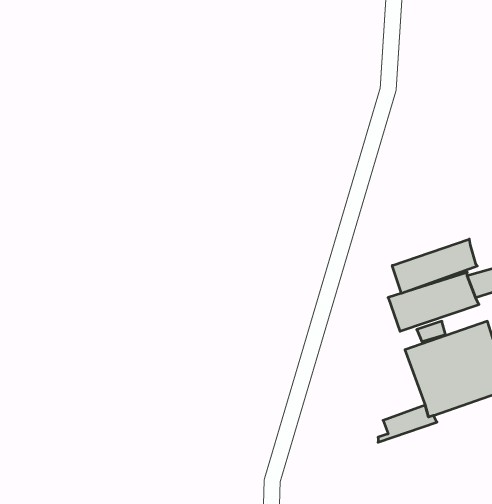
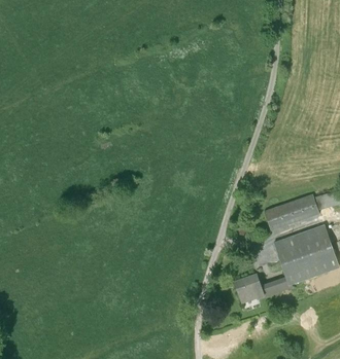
building: [392,239,477,293] -> none
building: none -> [234,275,263,301]

